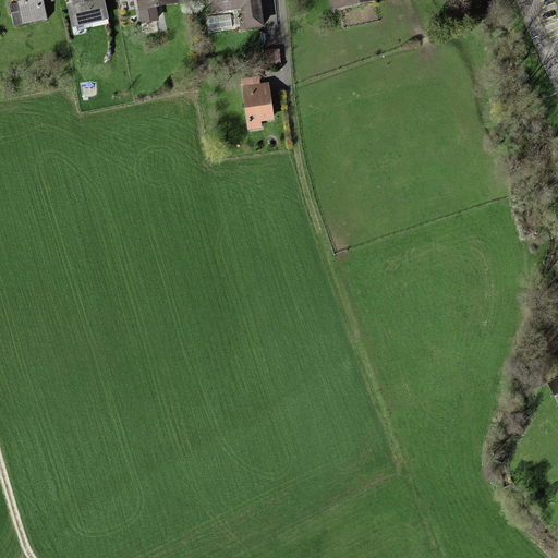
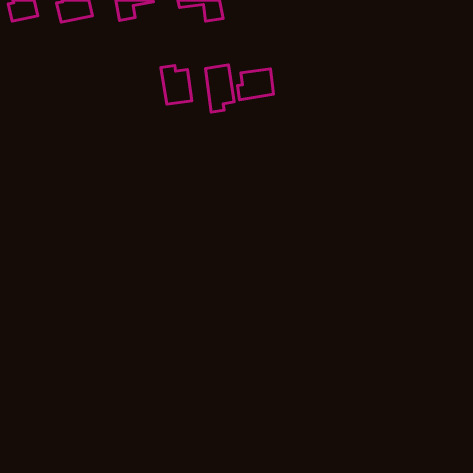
building: none -> [161,66,192,104]
building: none -> [237,69,274,100]

